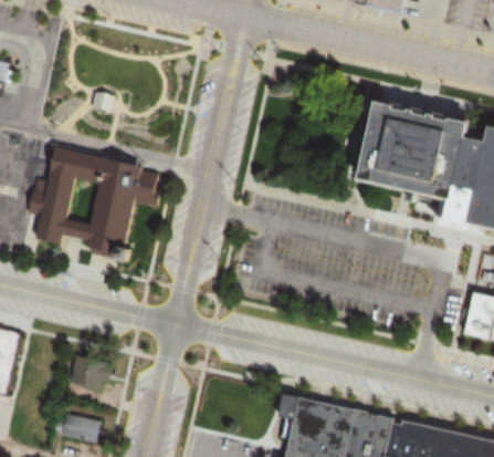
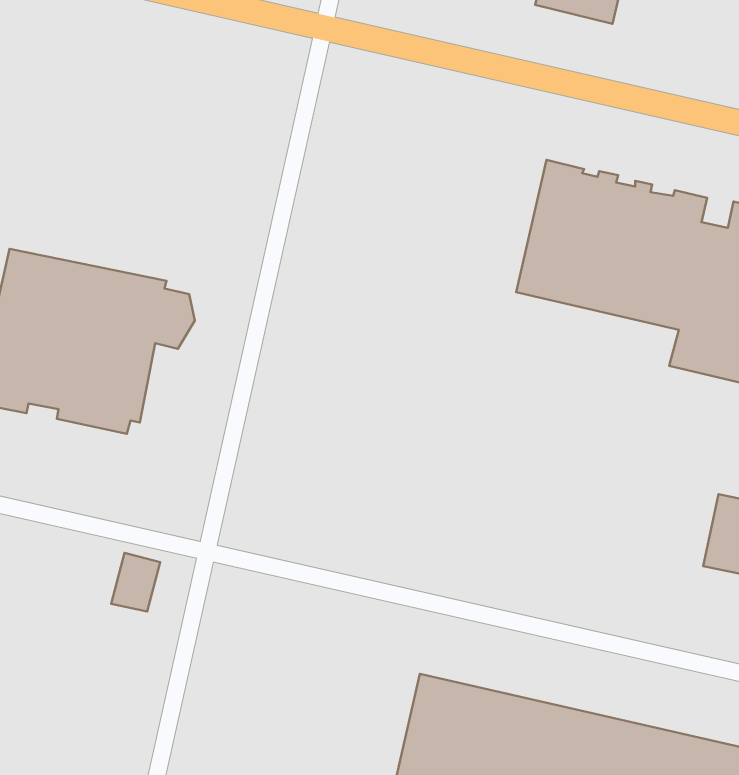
building: [71,354,99,388] -> [111,553,160,611]
building: [63,415,104,444] -> none

